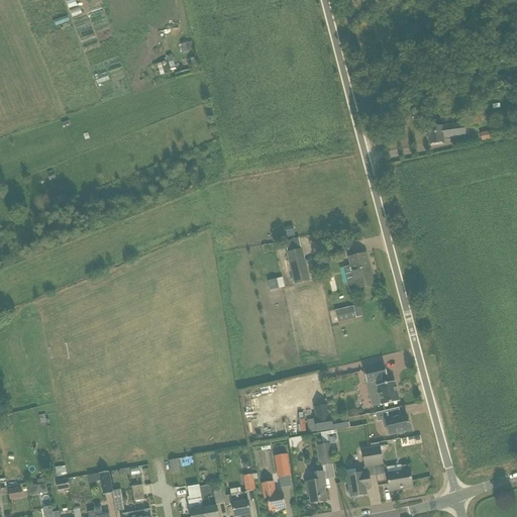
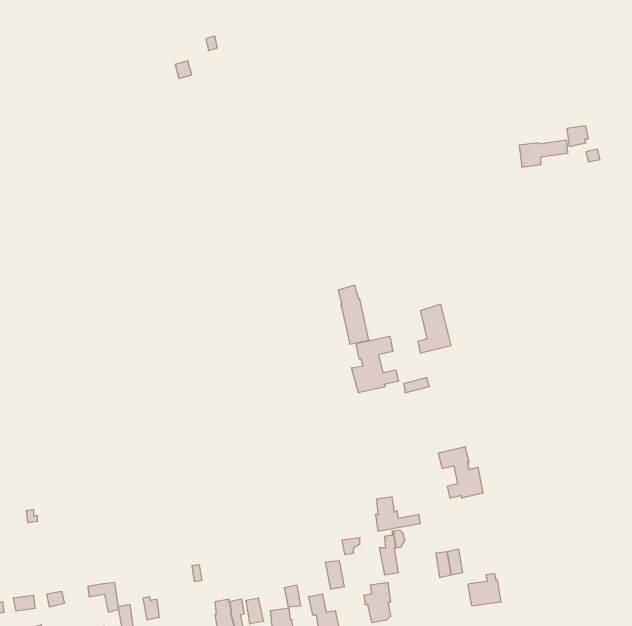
building: none -> [352,336,399,393]
building: [375,407,409,435] -> none
building: [345,472,371,497] -> none

